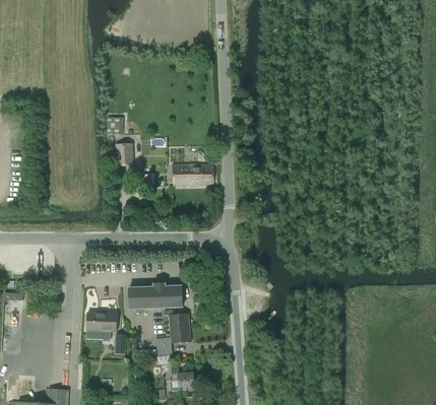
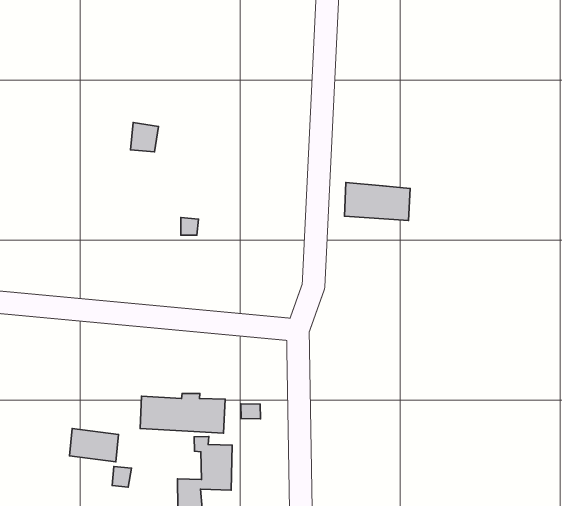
building: [115,143,133,166] -> none
building: [172,164,213,186] -> [344,182,410,221]

